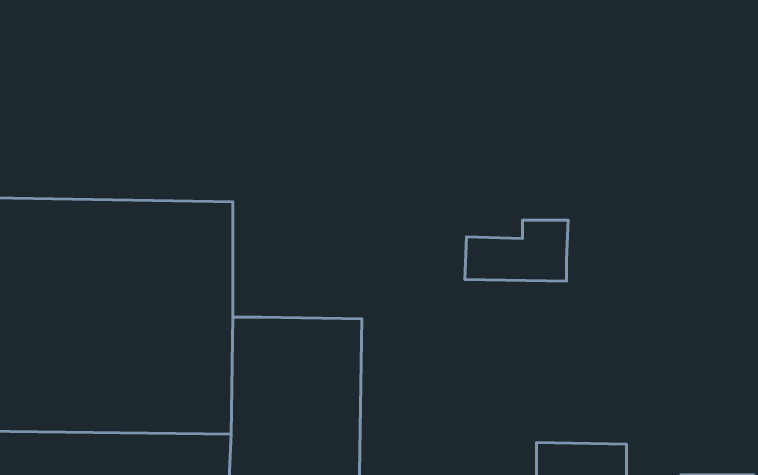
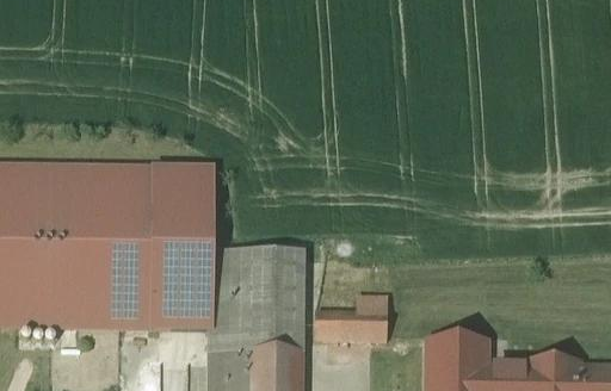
building: [465,220,568,281] -> [315,293,388,336]

